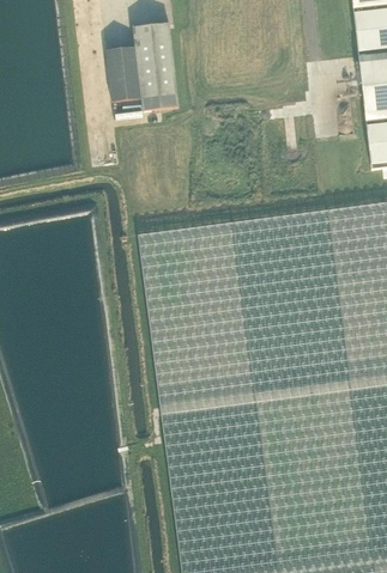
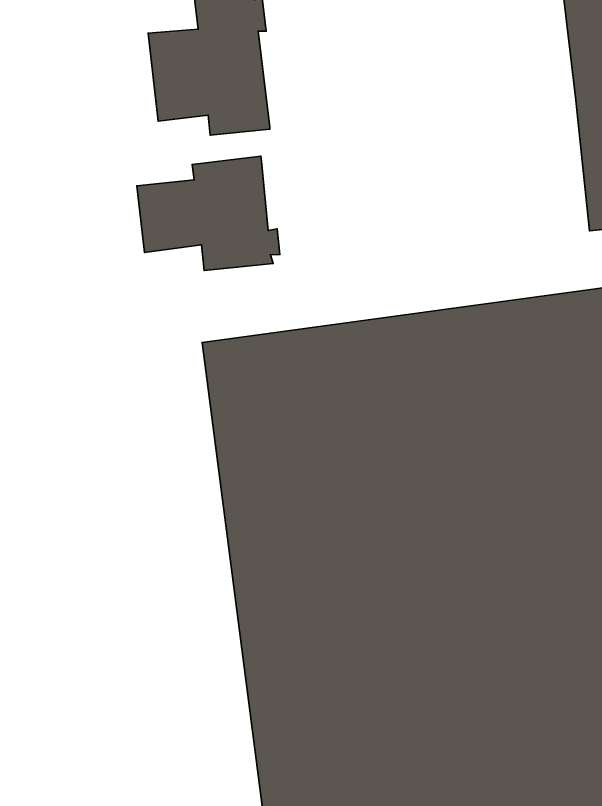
building: none -> [137,156,280,270]

